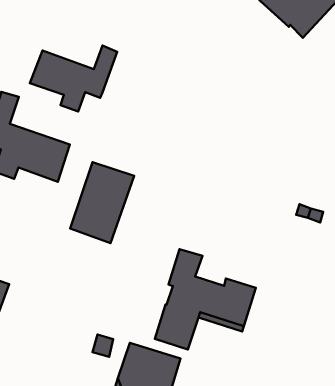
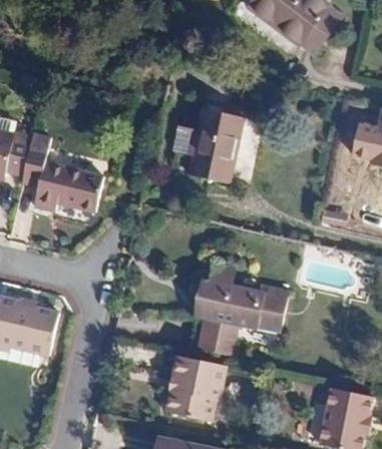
building: [30,45,117,112] -> none
building: [70,162,134,243] -> [187,108,243,182]

